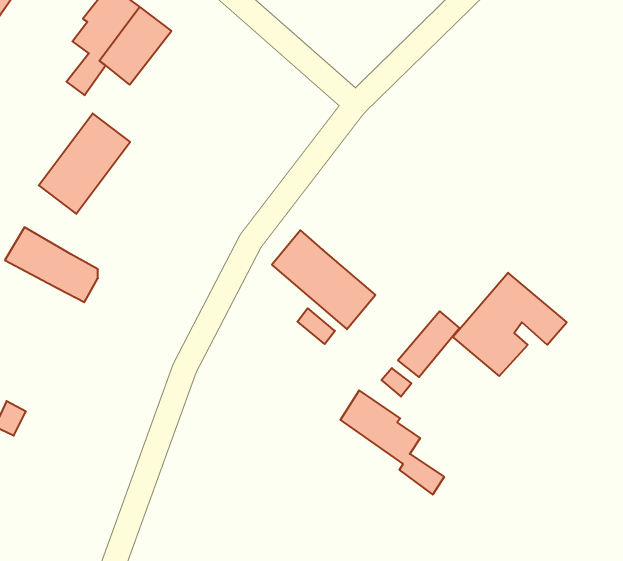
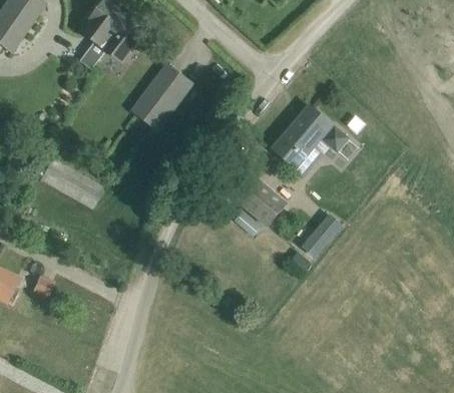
building: [39,113,130,214] -> [131,63,192,130]
building: [453,273,567,376] -> [273,105,349,174]
building: [340,390,444,495] -> none

